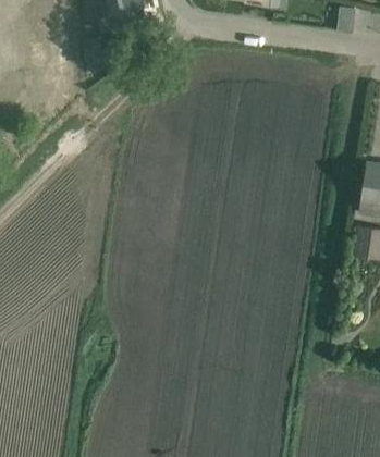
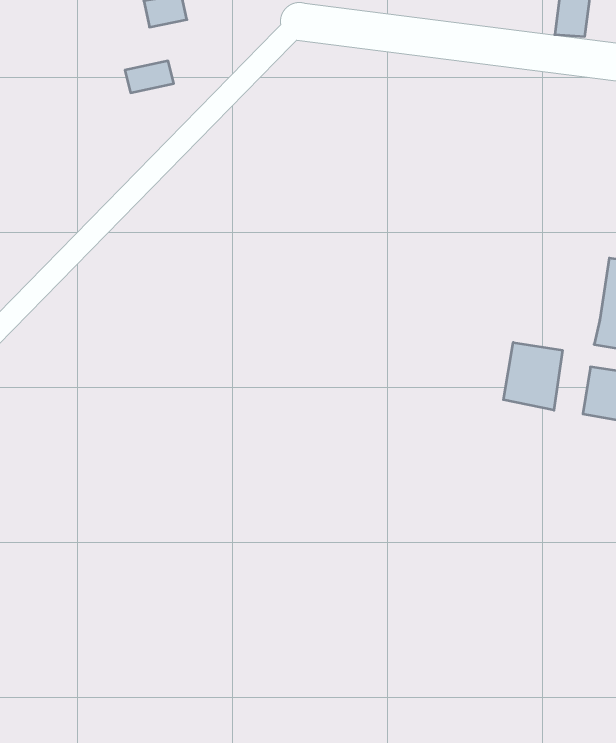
building: none -> [503,342,562,410]

